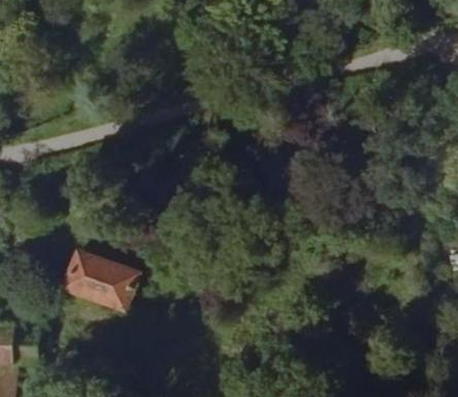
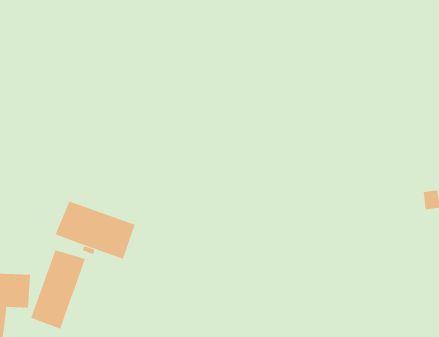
building: none -> [30,249,86,329]

